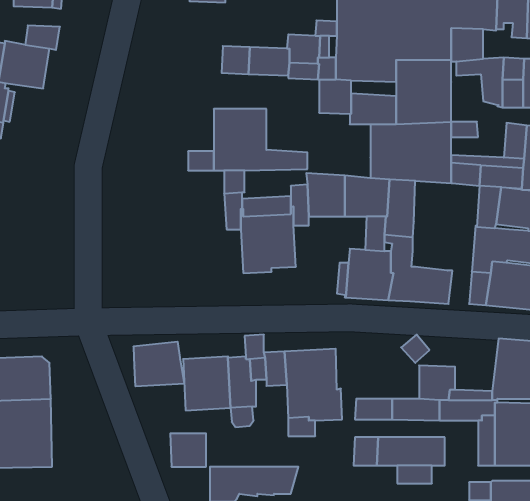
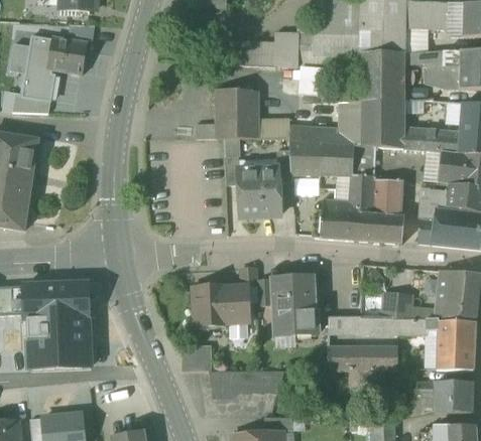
building: none -> [289,124,340,144]
building: none -> [375,179,402,216]
building: [134,342,184,386] -> none

